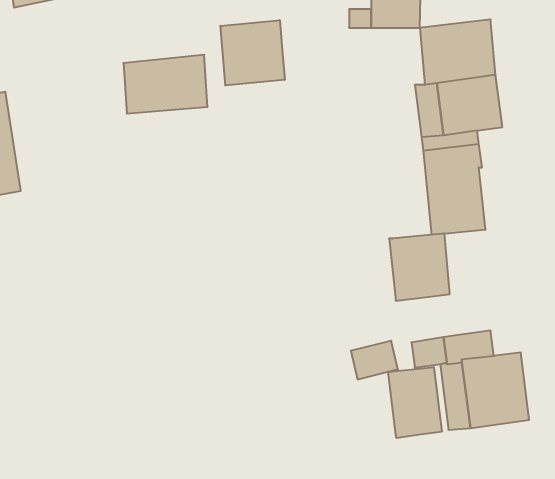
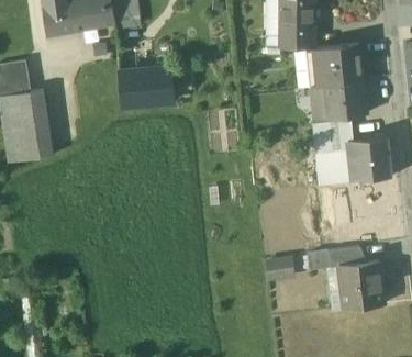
building: [220,20,285,86] -> none
building: [389,233,450,301] -> [350,136,390,180]
building: [388,367,442,438] -> none

